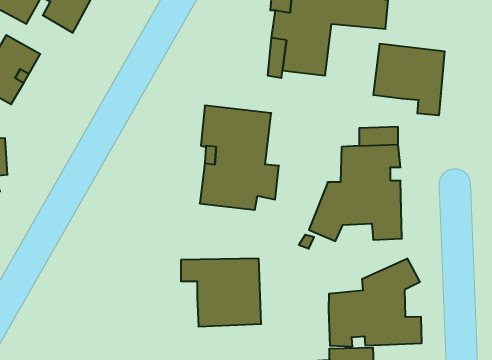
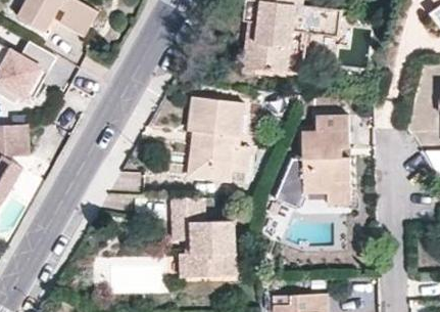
building: [374,44,445,115] -> none
building: [329,258,421,347] -> none

